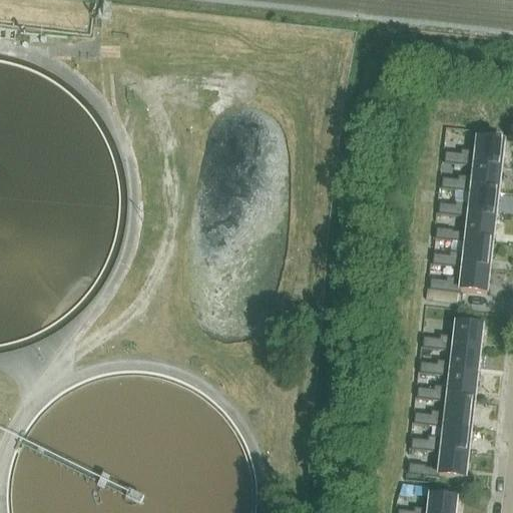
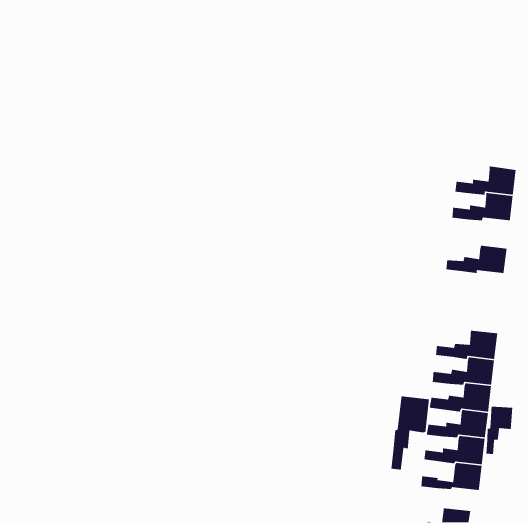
building: [444,135,504,164] -> none
building: [435,211,495,240] -> none
building: [429,263,489,292] -> none
building: none -> [391,395,430,471]
building: none -> [485,406,513,455]

